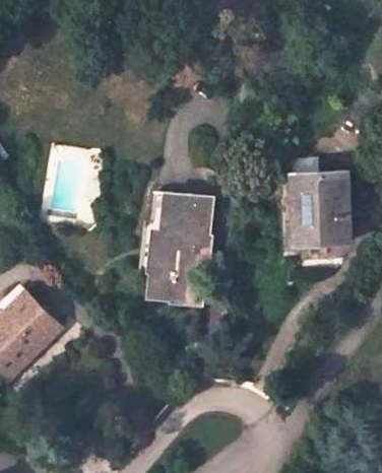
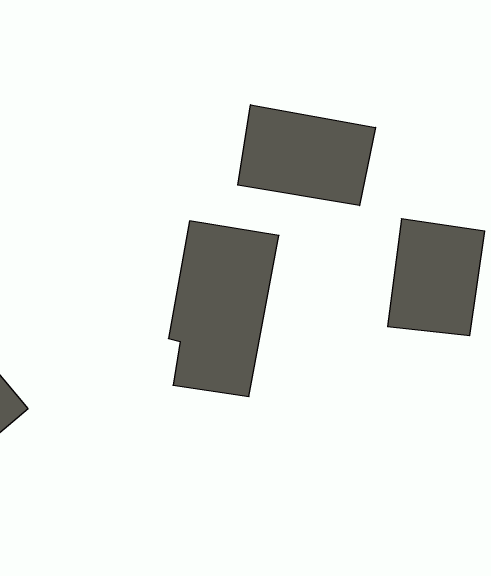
building: none -> [238,105,376,206]

